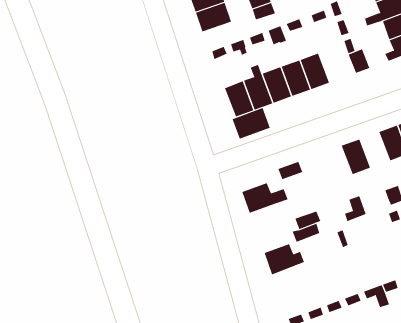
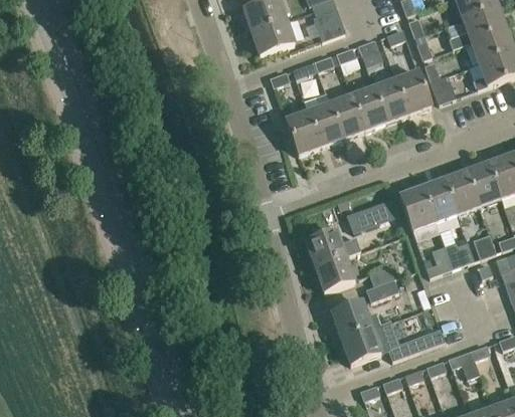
building: none -> [396,71,432,115]
building: [232,107,270,140] -> none
building: none -> [445,172,480,214]
building: none -> [400,188,436,230]
building: none -> [445,238,475,268]
building: none -> [315,256,355,292]
building: none -> [341,325,445,365]

